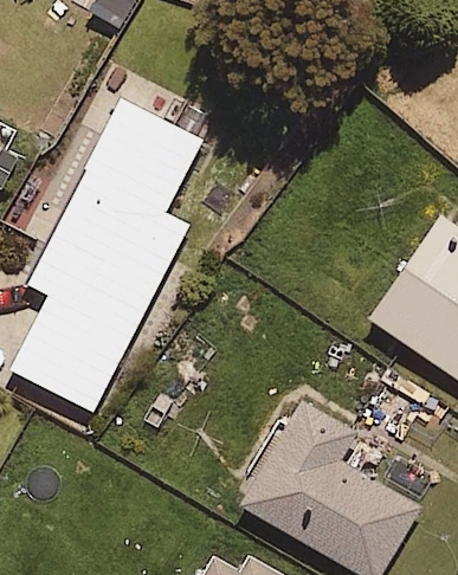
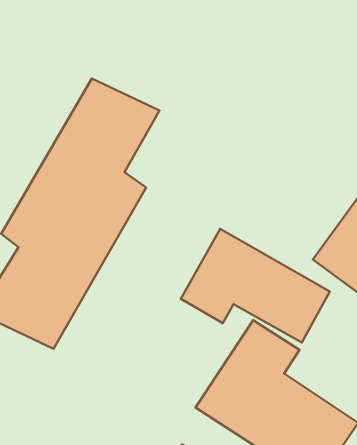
building: none -> [181,229,330,342]

